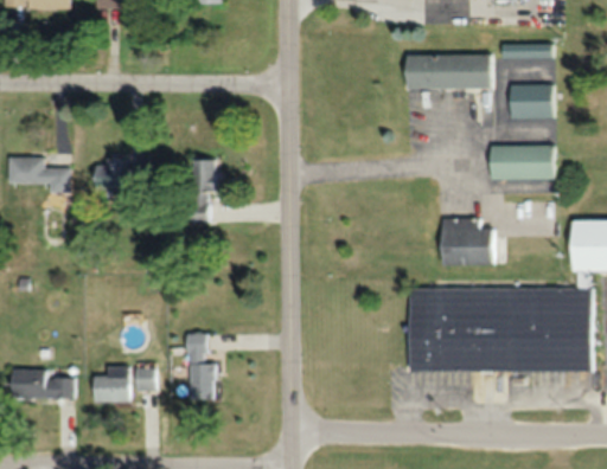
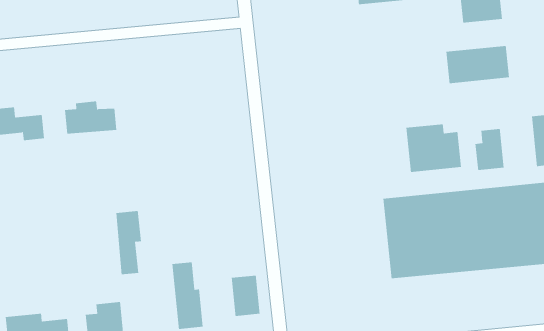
building: [192,160,217,224] -> [116,210,142,275]
building: none -> [475,128,504,171]
building: none -> [231,275,260,317]
building: [136,366,159,390] -> none

